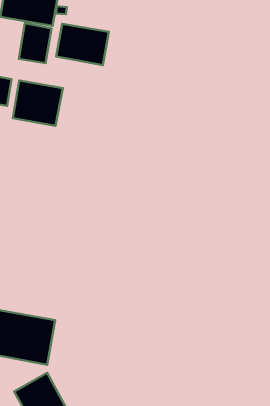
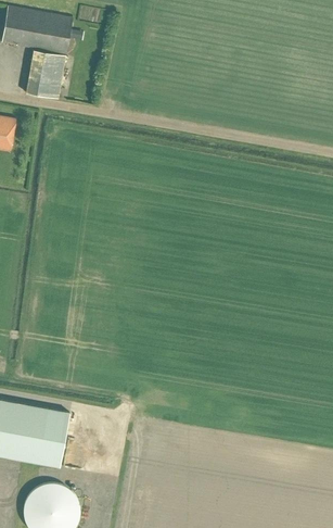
building: [56,24,109,65] -> none
building: [13,81,63,126] -> none

